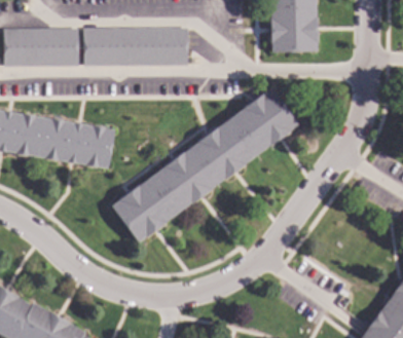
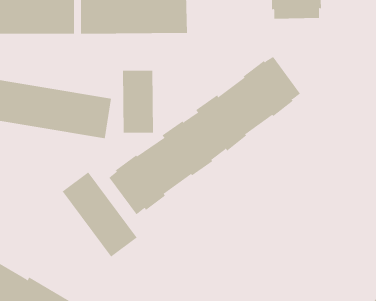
building: none -> [122,70,153,134]
building: none -> [62,172,137,257]

